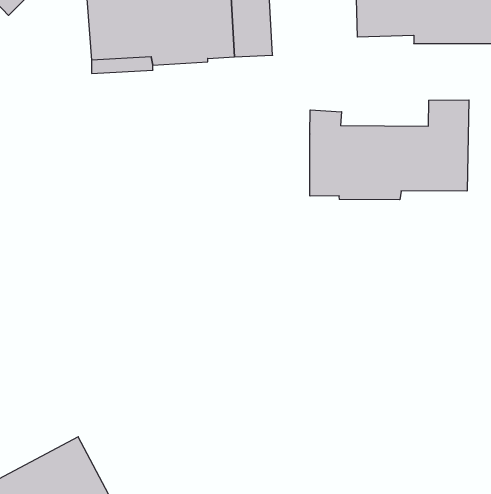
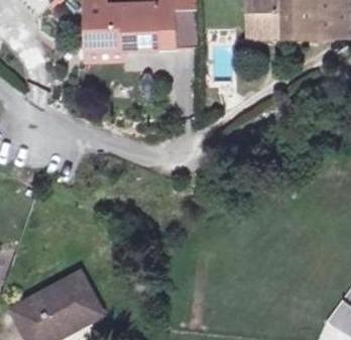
building: [310,100,469,200] -> none

